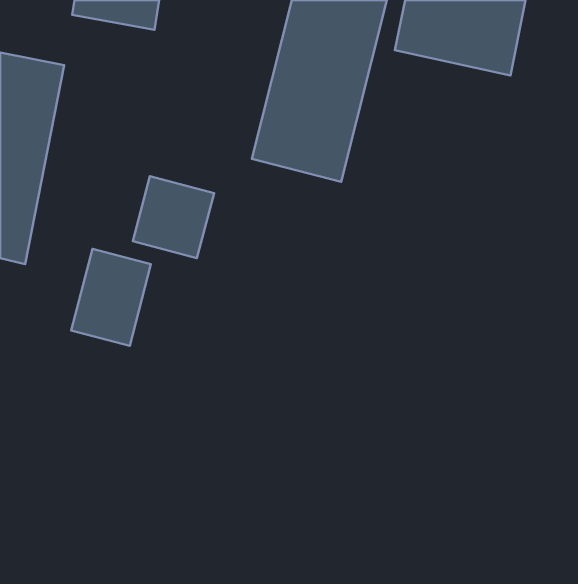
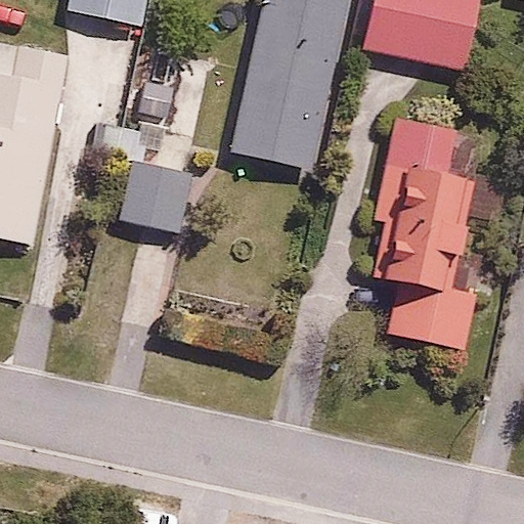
building: none -> [366,110,481,347]
building: [71,249,151,346] -> none

